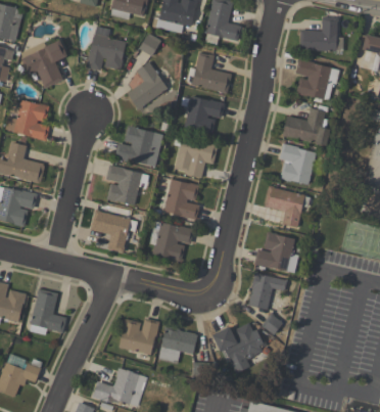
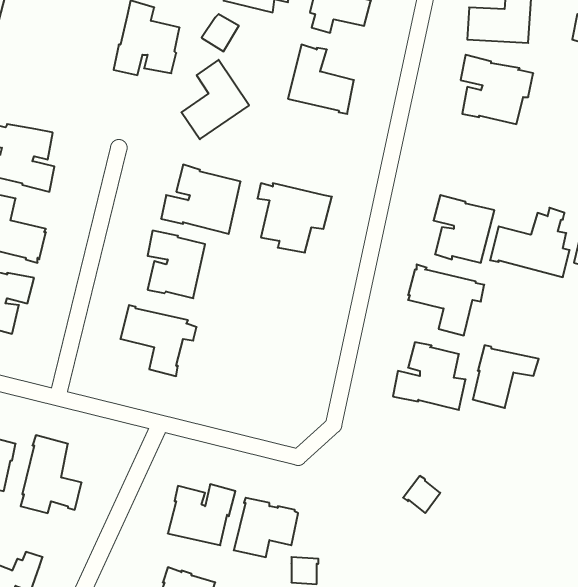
building: [21,40,67,88] -> none
building: [184,96,225,136] -> none
building: [282,104,330,146] -> [490,208,570,277]
building: [163,179,199,220] -> none
building: [152,222,194,262] -> none
building: [247,272,287,310] -> [473,345,539,408]
building: [212,323,263,373] -> none

